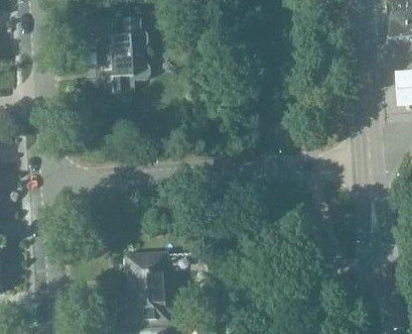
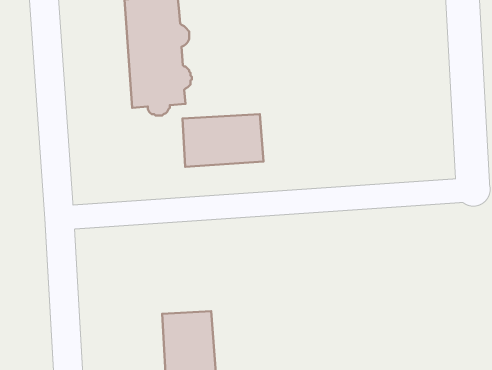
building: none -> [182,114,264,167]

